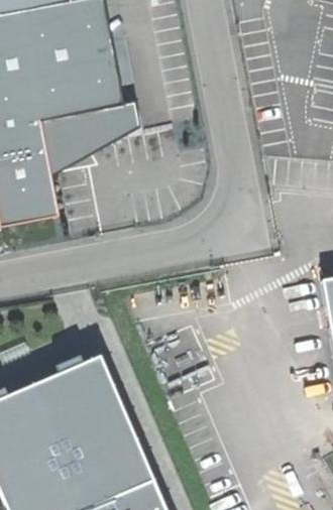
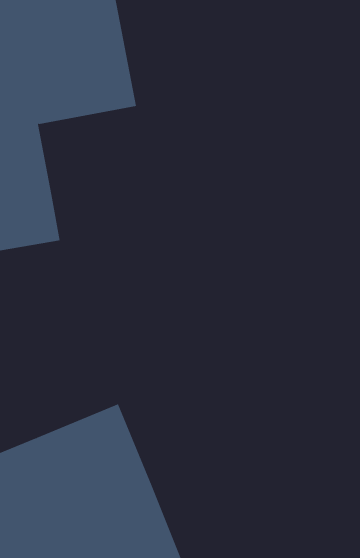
building: [38,102,137,177] -> none

